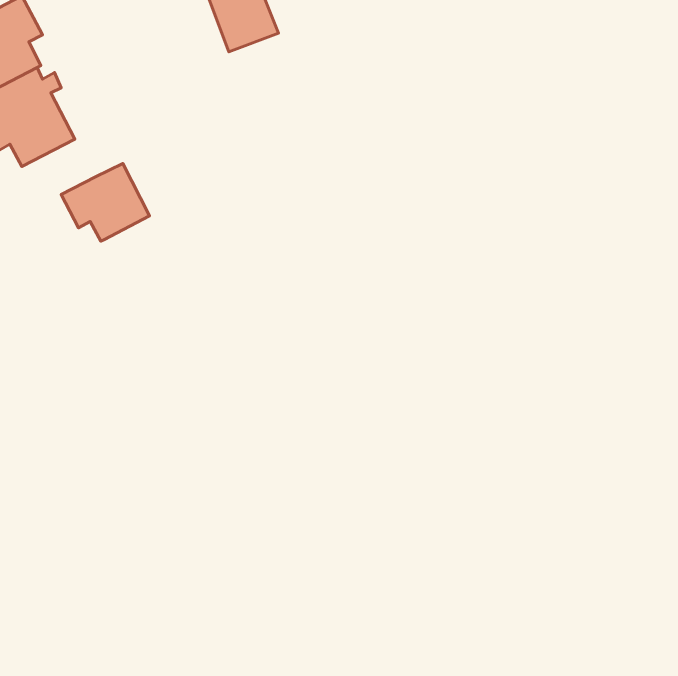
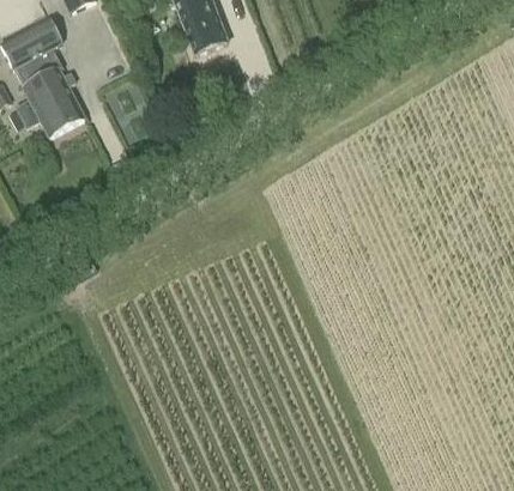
building: [61,163,150,241] -> none

